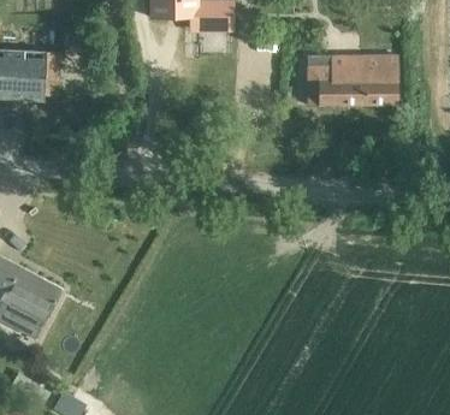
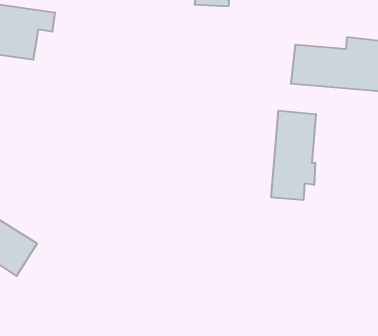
building: none -> [271,111,316,200]

